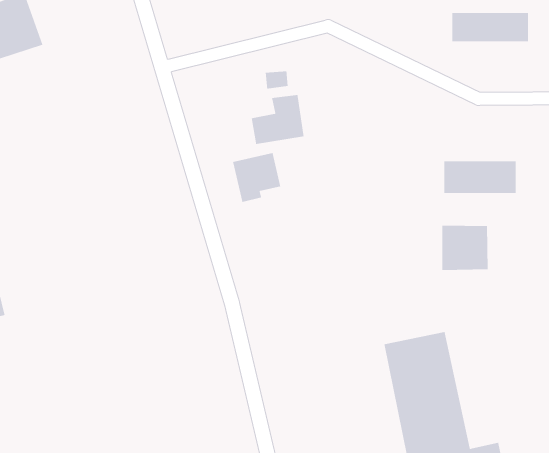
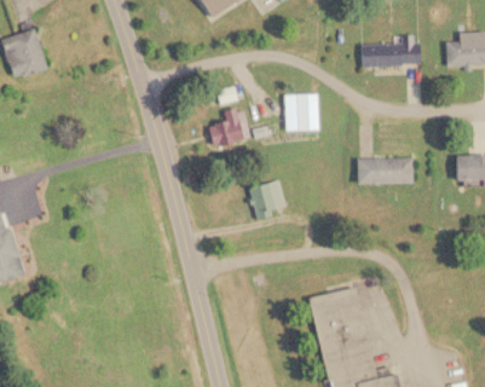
building: none -> [296,92,318,131]
building: [232,152,281,203] -> [249,180,287,219]
building: [441,225,489,271] -> none

